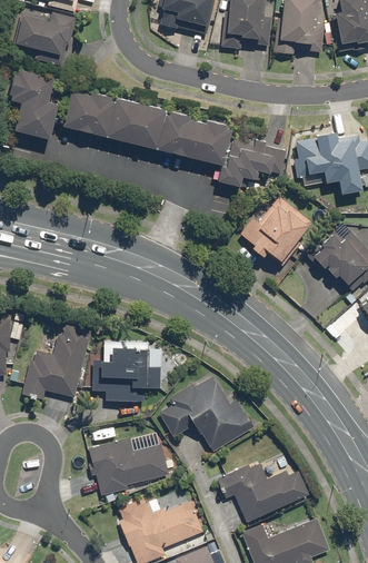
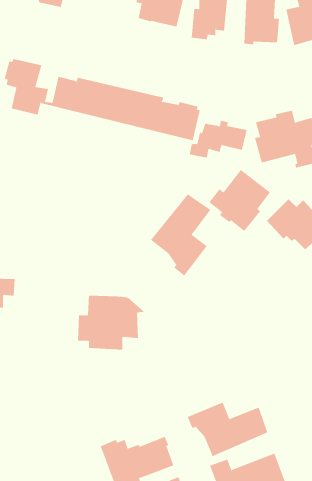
building: [13,14,74,68] -> none
building: none -> [150,194,211,276]
building: [22,325,89,399] -> none
building: [160,377,255,452] -> none
building: [89,439,169,496] -> none

